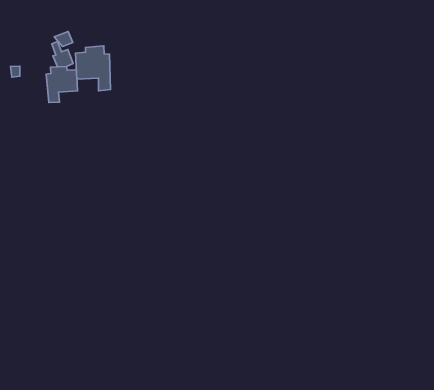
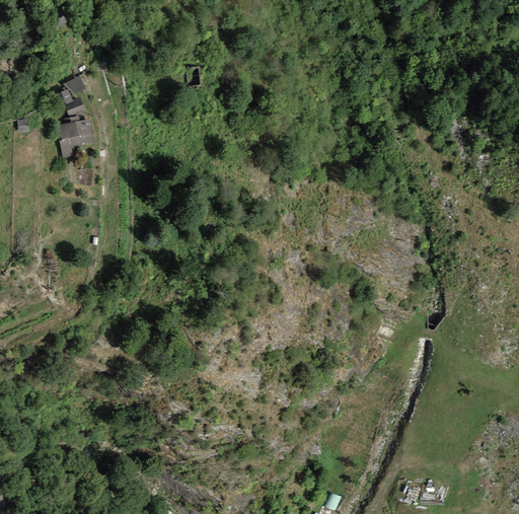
building: [75,46,111,91] -> none

